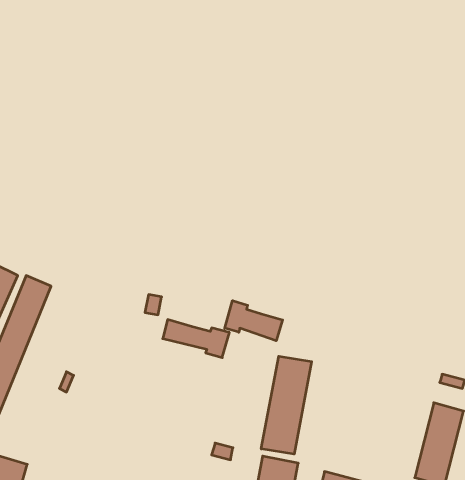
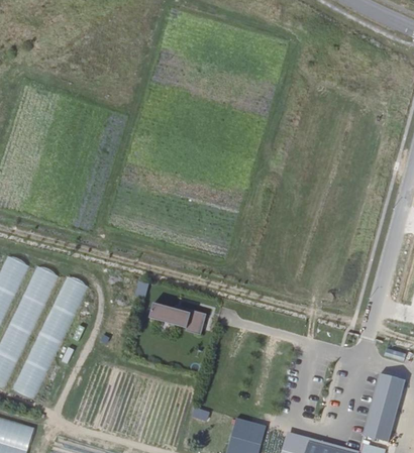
building: none -> [16,274,84,400]
building: [225,301,283,341] -> none
building: [261,356,312,454] -> none

